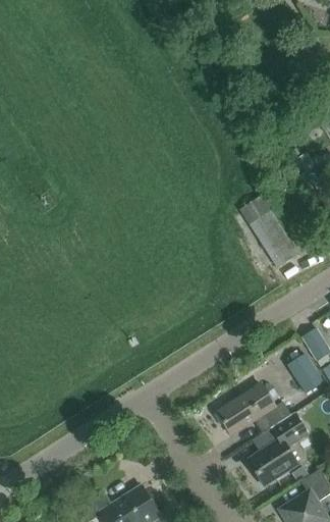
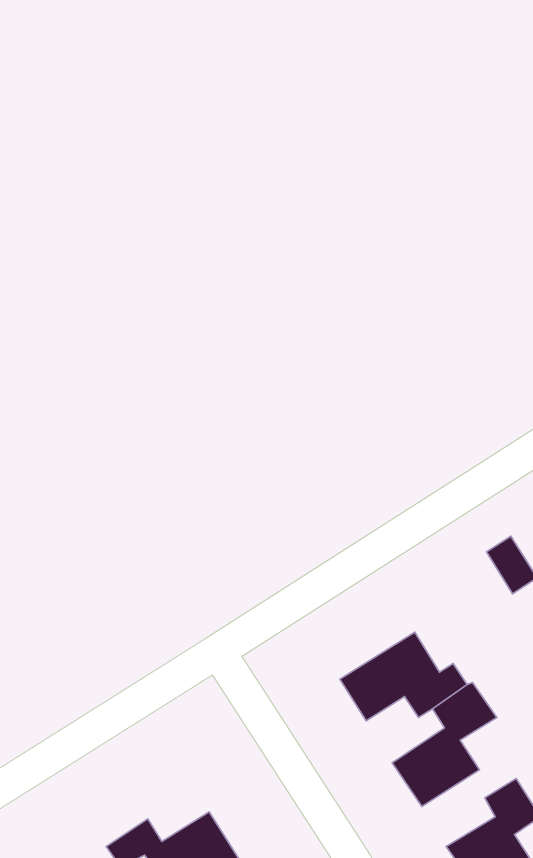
building: [239,198,297,268] -> none
building: [287,355,323,395] -> none

